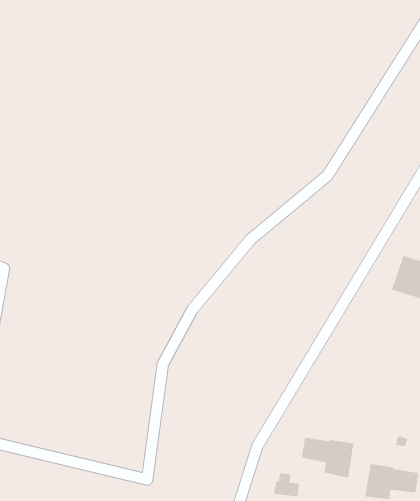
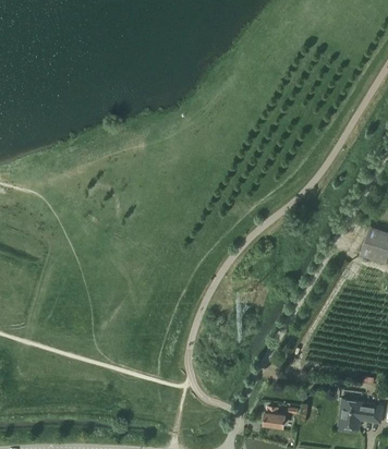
building: [301,437,354,478] -> none

